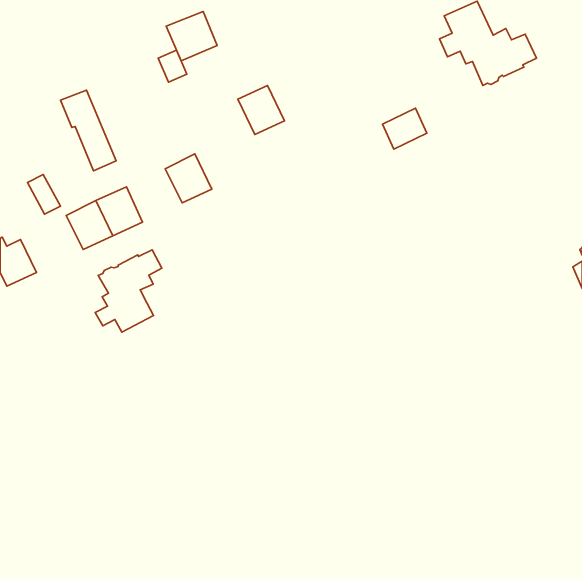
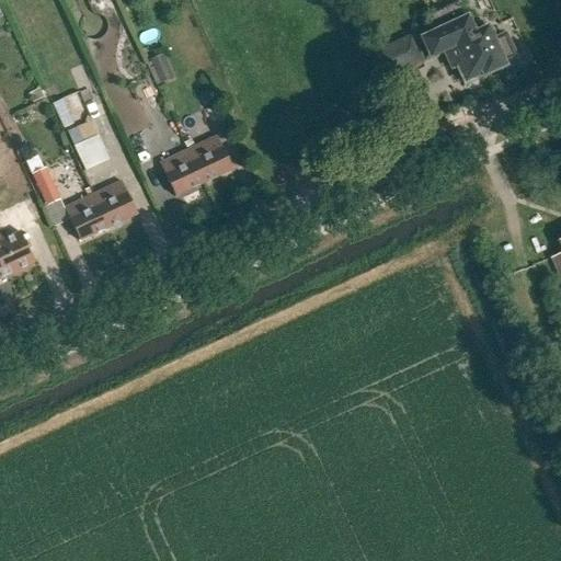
building: [166,12,217,61] -> none
building: [238,86,284,135] -> [187,135,232,182]
building: [383,108,427,149] -> [378,36,421,76]
building: [95,250,162,332] -> none

